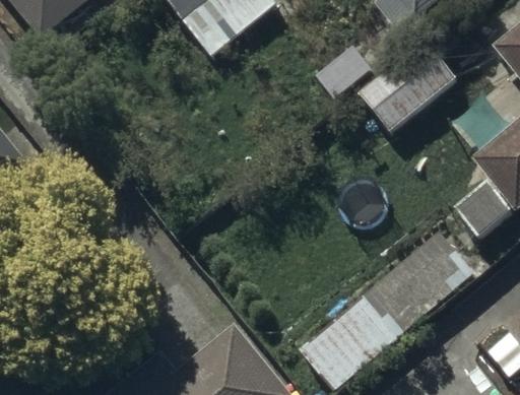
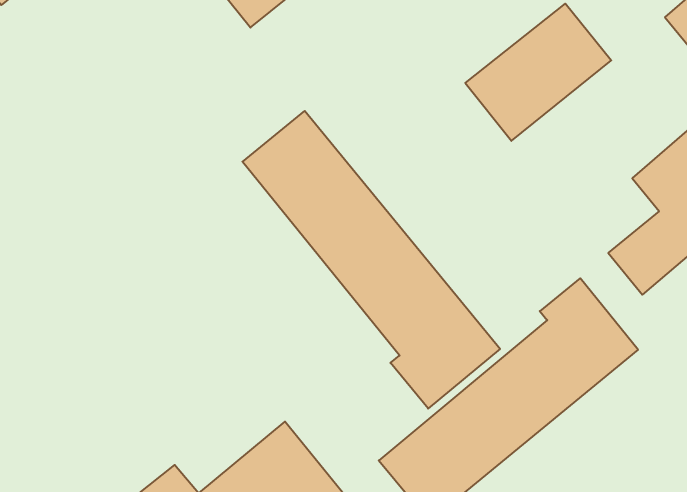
building: none -> [242,111,500,409]

